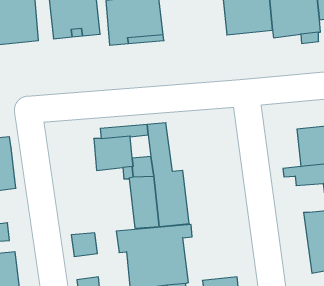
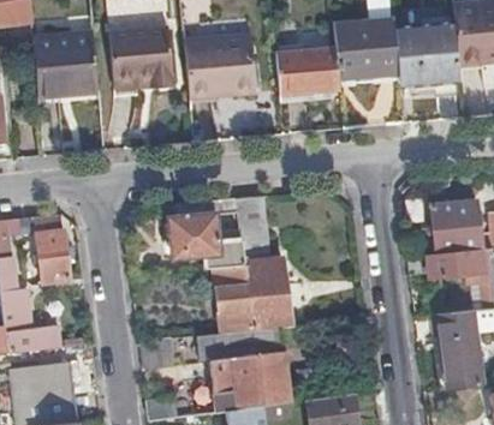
building: none -> [275,47,340,102]

